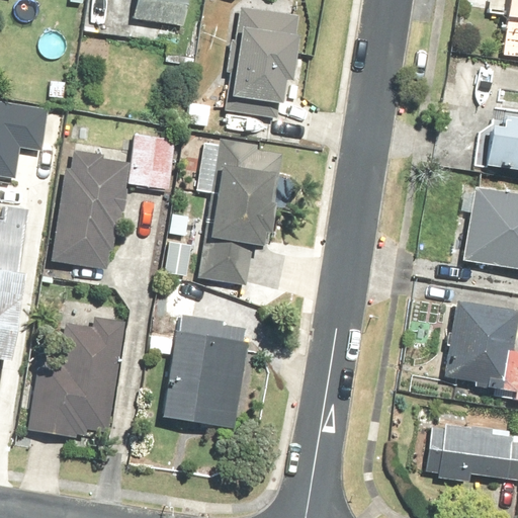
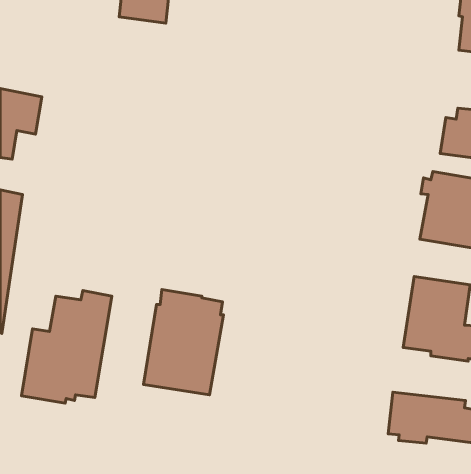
building: [226,6,300,117] -> none
building: [51,130,177,270] -> none
building: [198,138,282,284] -> none

